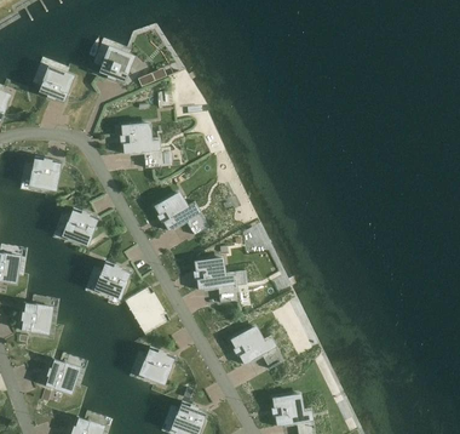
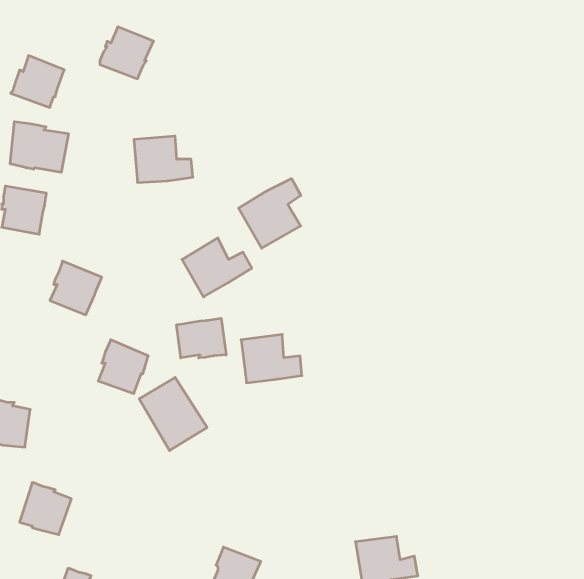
building: none -> [10,122,68,172]
building: none -> [239,179,301,248]
building: none -> [177,318,226,358]
building: [229,326,275,365] -> none
building: [140,347,174,383] -> none

